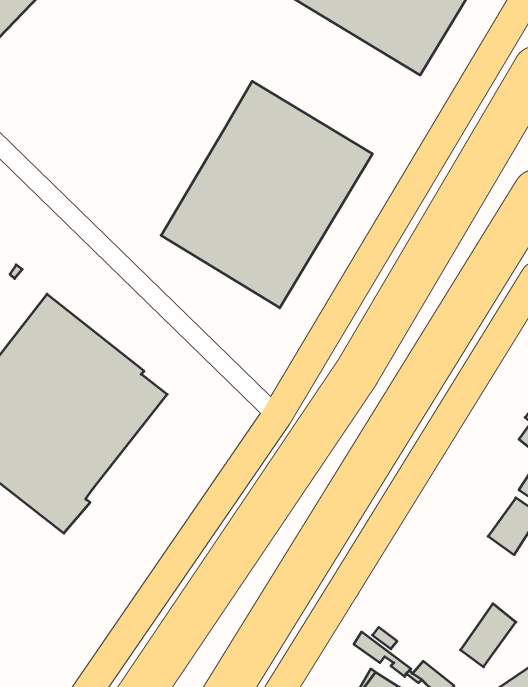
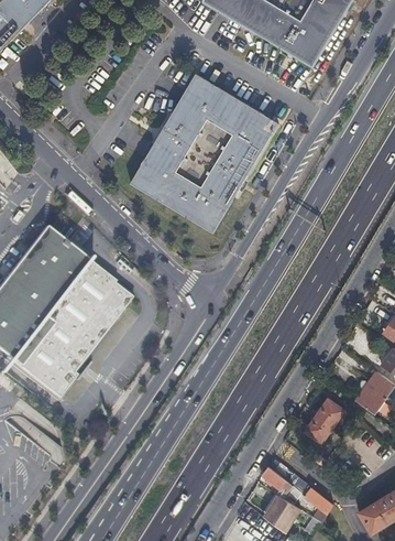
building: [460,604,516,667] -> [307,397,347,442]

